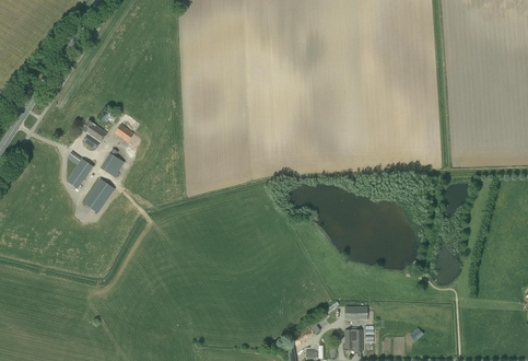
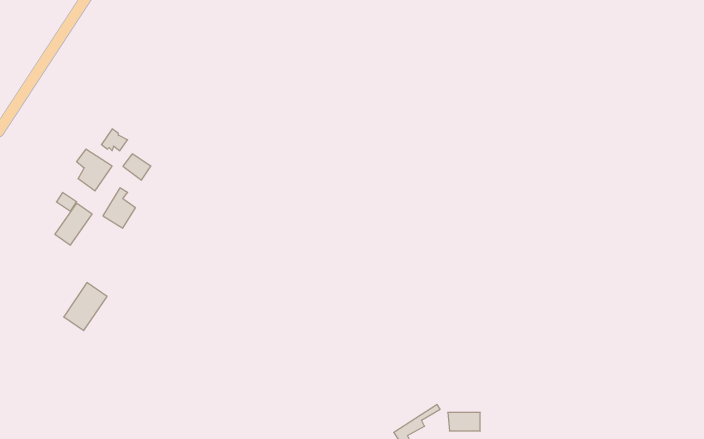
building: [84,178,115,212] -> [64,283,107,331]

